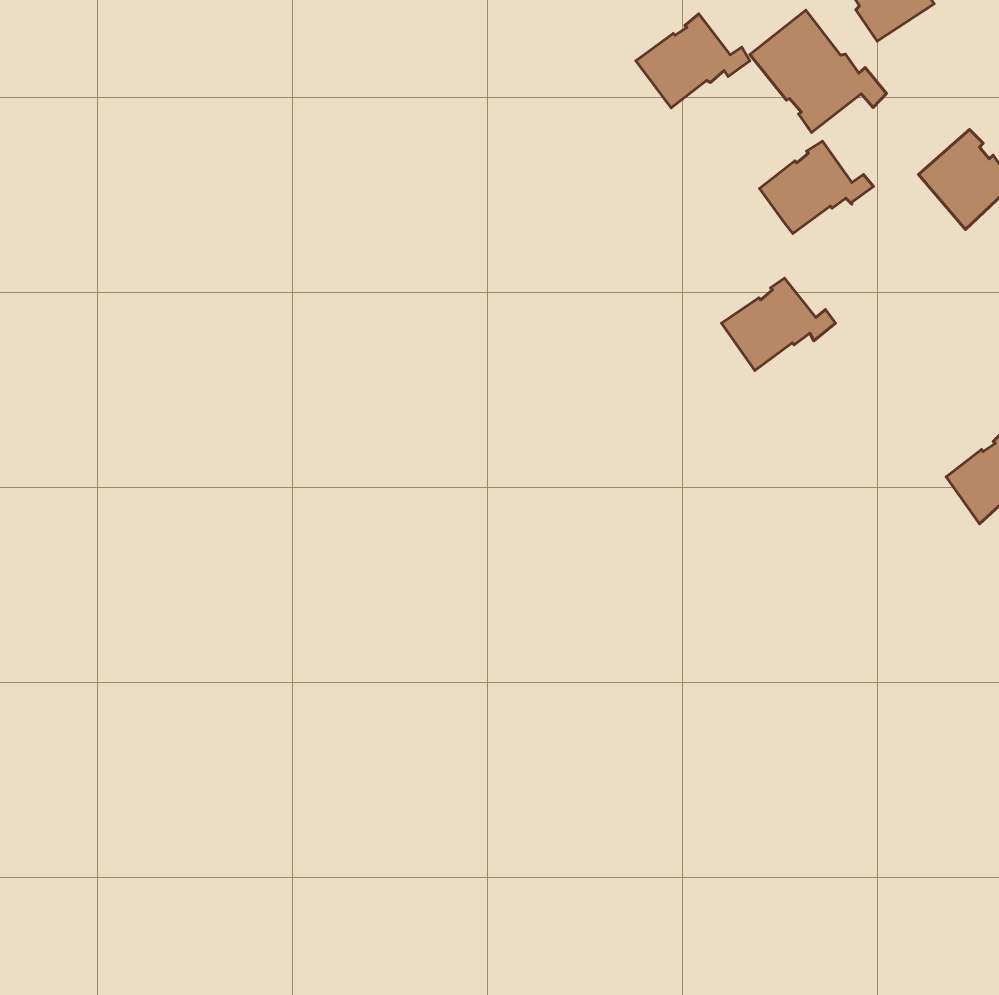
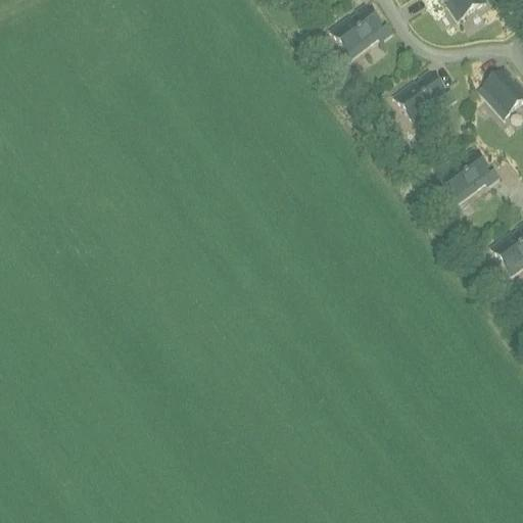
building: [750,10,887,133] -> none
building: [722,278,835,370] -> [440,152,500,200]

